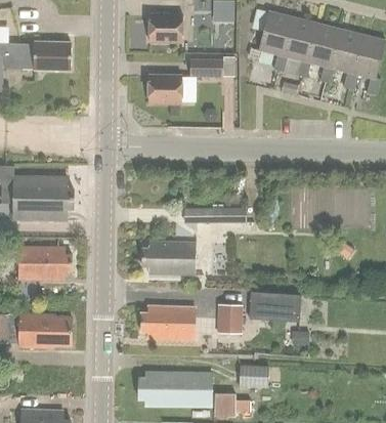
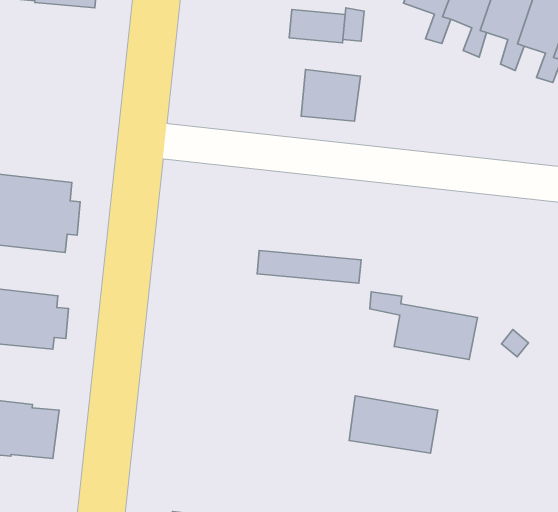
building: [147,75,181,103] -> [301,69,360,121]
building: none -> [370,292,478,359]
building: [141,241,196,276] -> none
building: [216,304,243,334] -> none
building: [140,306,194,339] -> none

